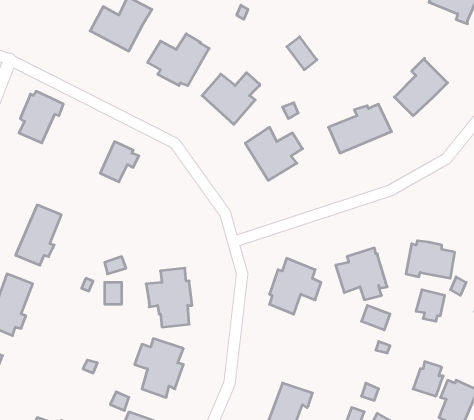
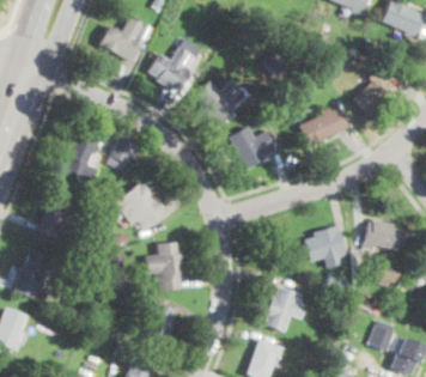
building: [19,91,63,143] -> [65,135,102,178]
building: none -> [116,182,165,227]
building: [269,258,321,314] -> [266,286,309,333]

